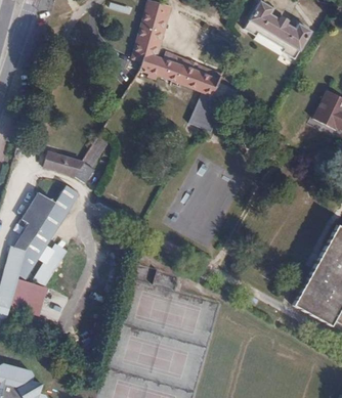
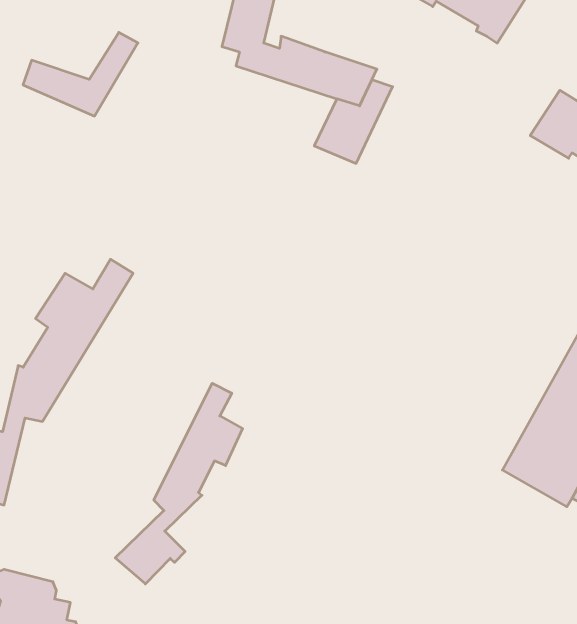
building: [43,133,111,182] -> [23,32,138,116]
building: none -> [115,383,243,584]
building: [12,278,50,316] -> none

